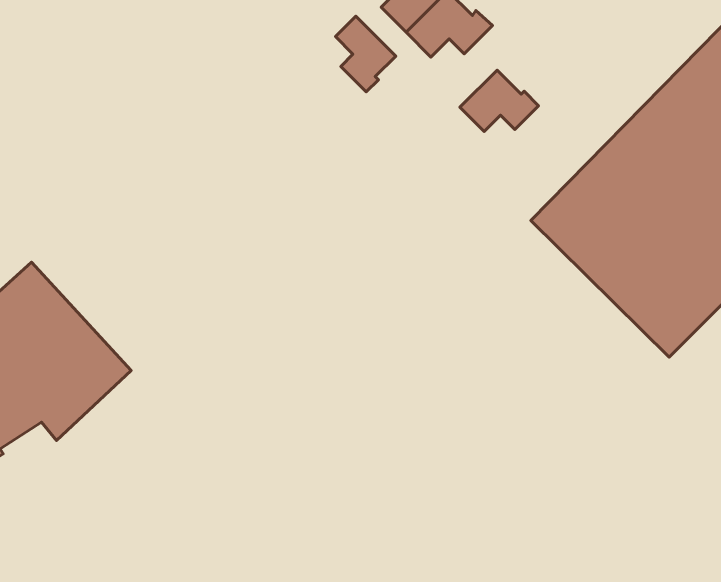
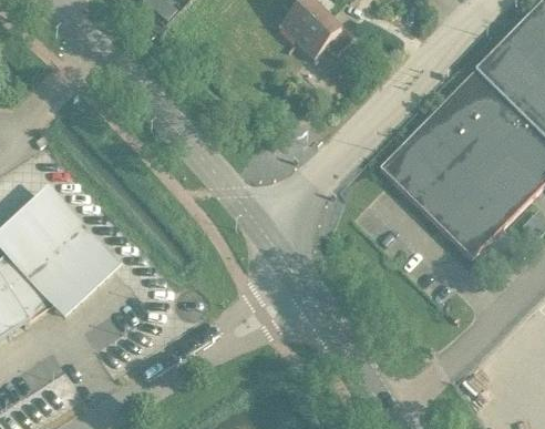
building: [335,16,396,92] -> none
building: [460,70,539,131] -> none

